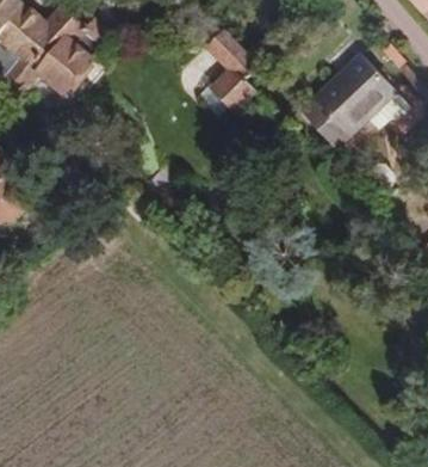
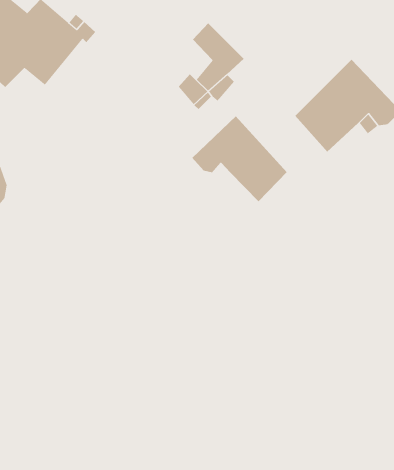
building: none -> [191,116,288,202]

